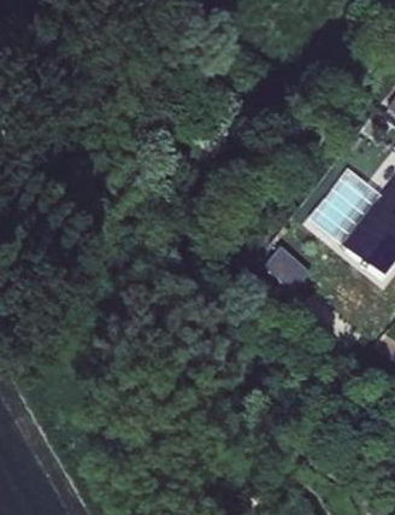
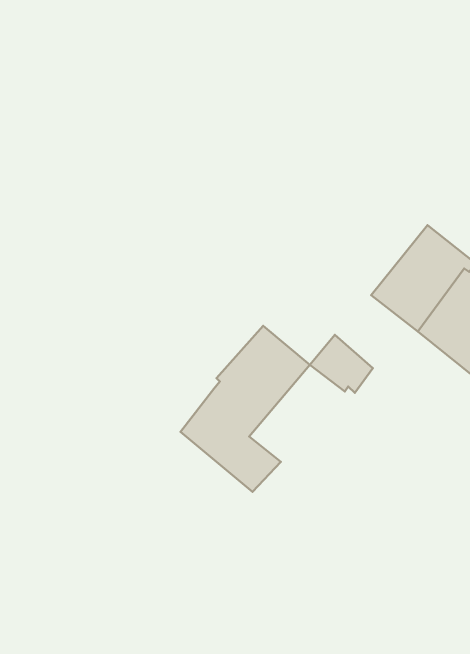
building: none -> [180,326,310,492]

